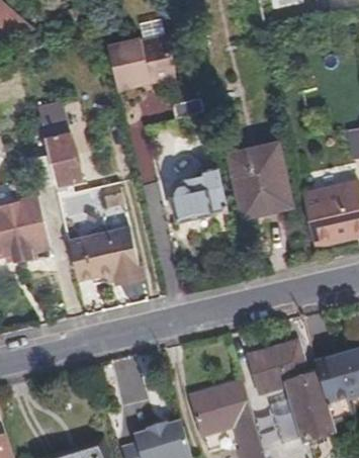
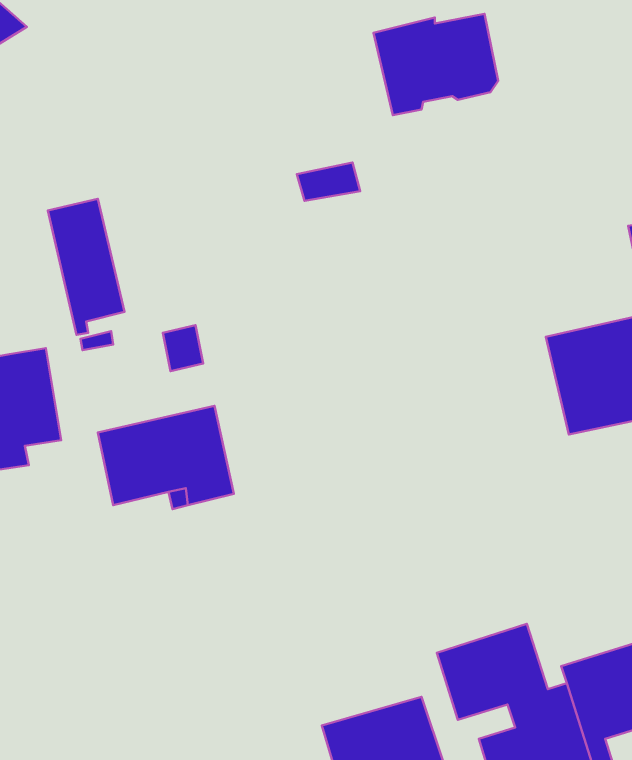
building: [108,37,174,91] -> [374,14,498,115]
building: [230,144,292,216] -> none
building: [170,165,230,219] -> none

